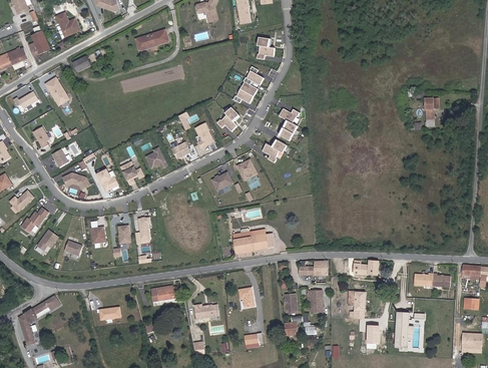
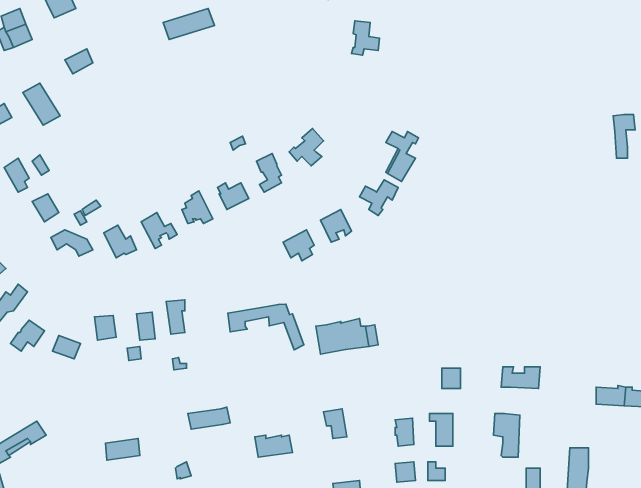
building: [232,66,264,103] -> none
building: none -> [228,304,304,350]

